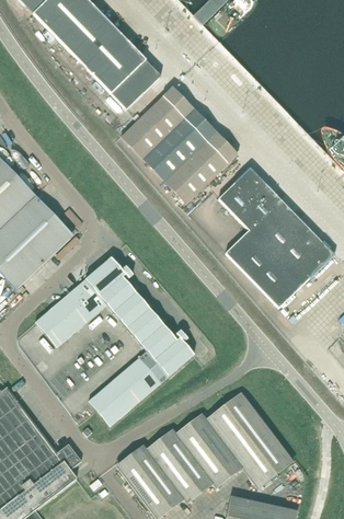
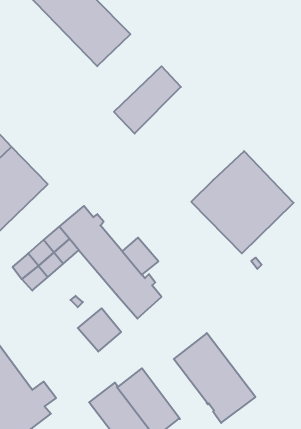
building: [122,86,194,158] -> none
building: [165,131,237,203] -> none
building: [218,168,282,230] -> none
building: [130,351,169,391] -> [122,238,158,275]
building: [89,387,127,426] -> none
building: [176,414,243,487] -> none

